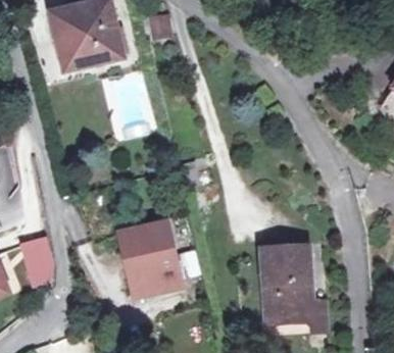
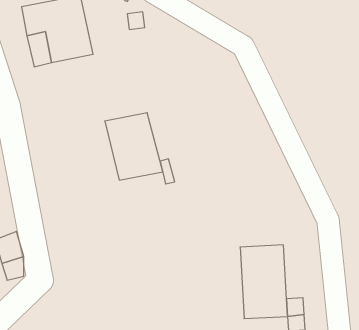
building: [125,223,182,290] -> [105,113,163,180]

